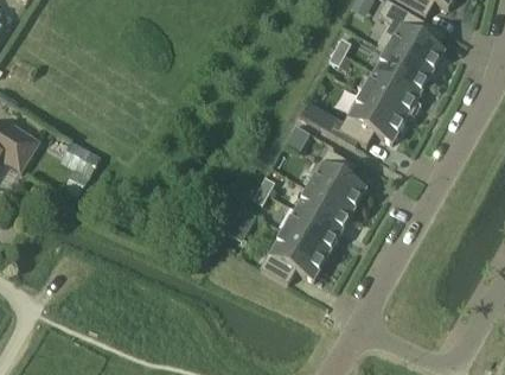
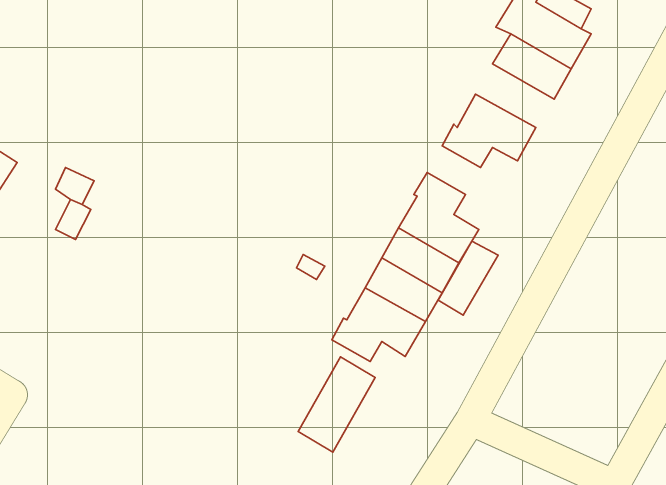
building: [363,70,418,115] -> none
building: none -> [438,241,498,315]
building: none -> [298,357,375,452]

